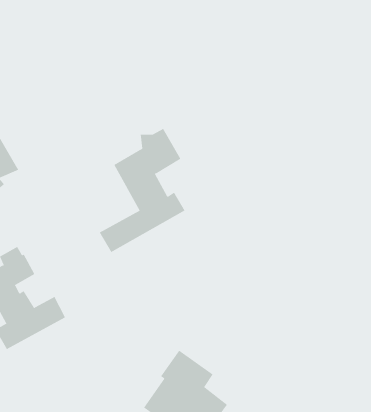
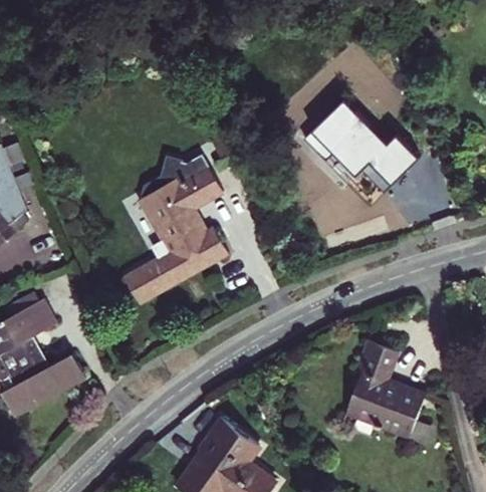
building: none -> [311,100,419,185]
building: none -> [345,341,424,436]

